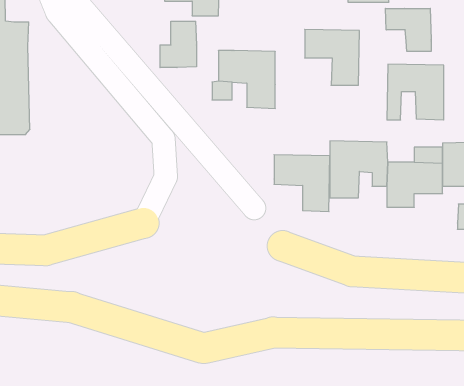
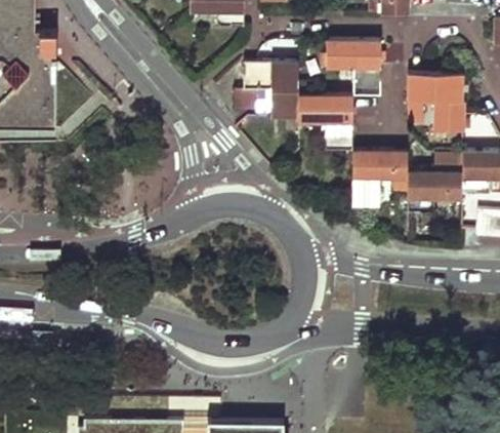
building: [385,8,431,51] -> none
building: [160,21,196,68] -> none
building: [274,155,330,212] -> [298,93,352,149]

